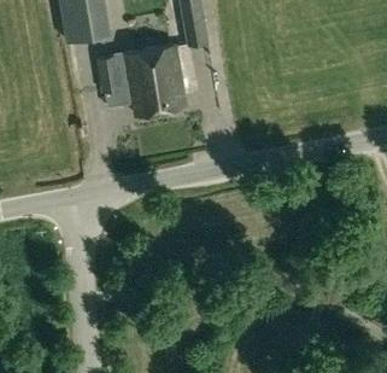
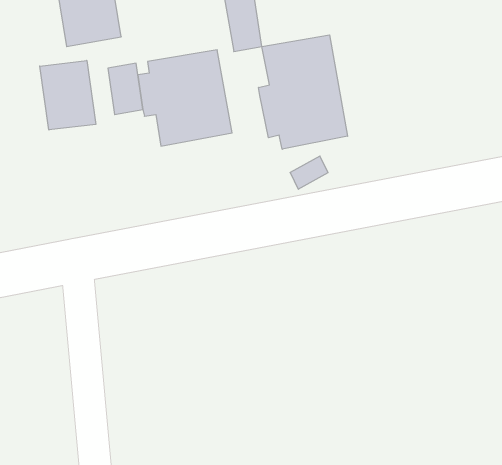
building: none -> [259,35,348,149]
building: none -> [40,60,96,130]

